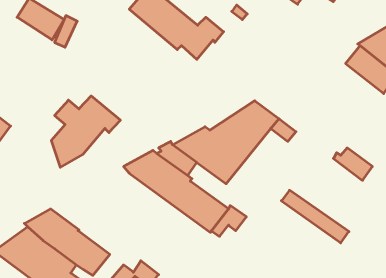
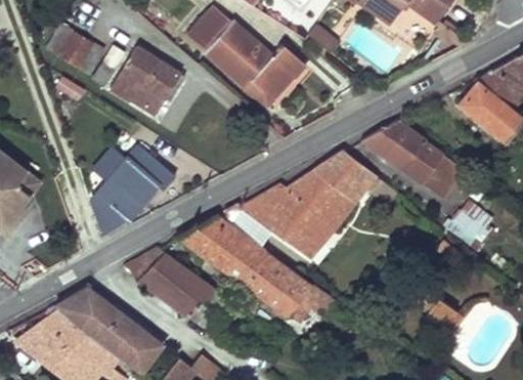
building: none -> [110,47,183,115]
building: none -> [361,121,462,198]
building: none -> [124,247,230,330]

